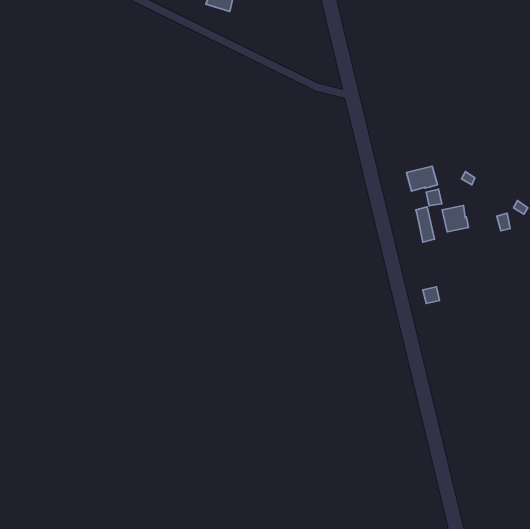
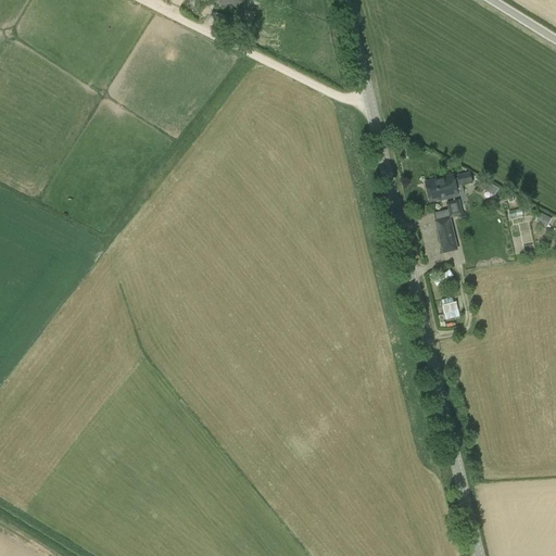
building: [442,206,469,232] -> none

